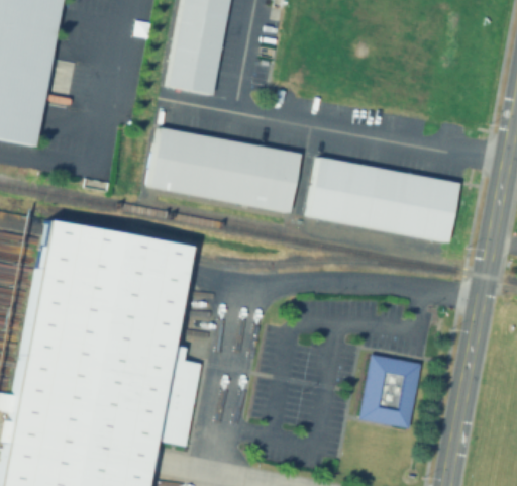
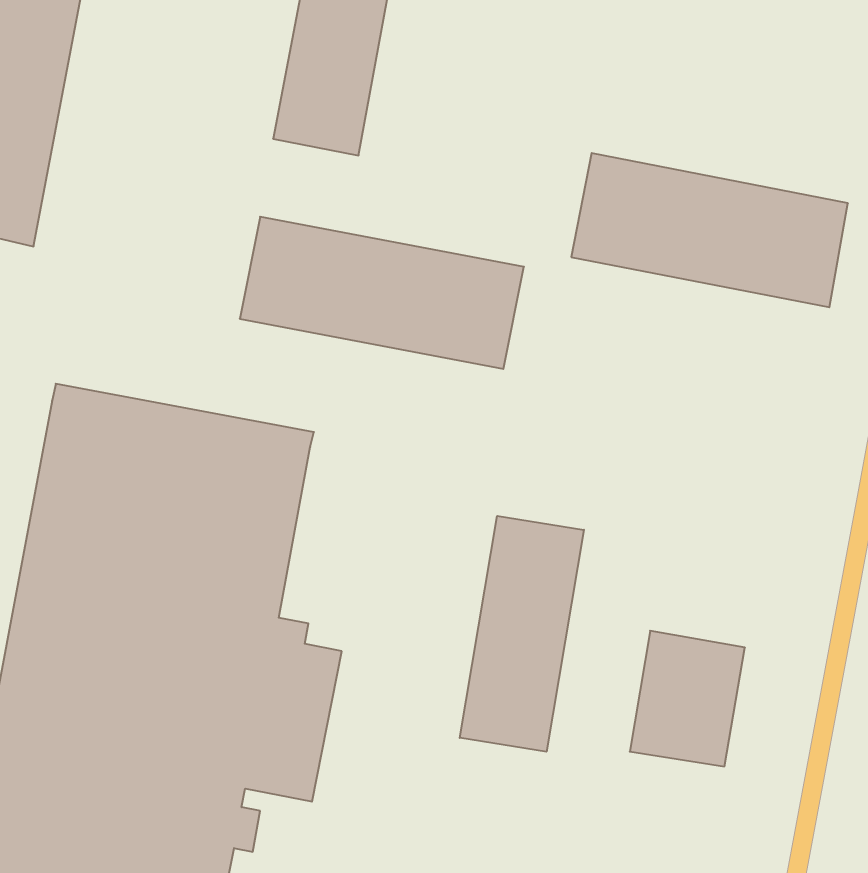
building: [307,157,457,240] -> [571,153,848,307]
building: none -> [460,516,584,752]

